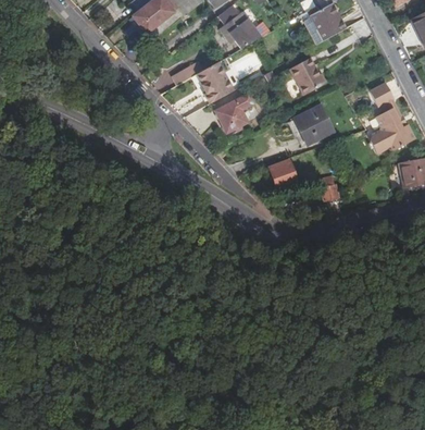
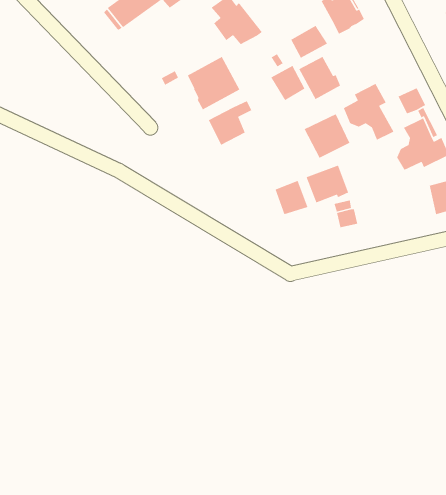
building: none -> [290,25,328,59]
building: none -> [270,65,306,101]
building: none -> [343,83,394,141]
building: none -> [306,164,349,203]

